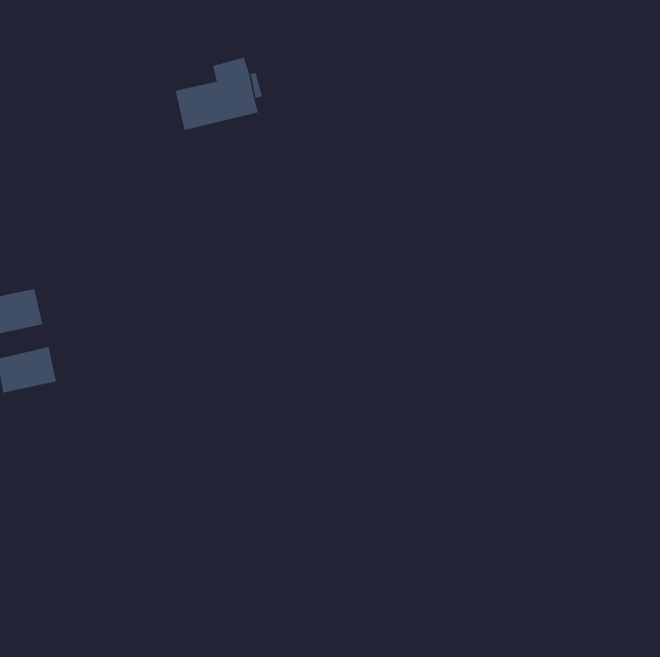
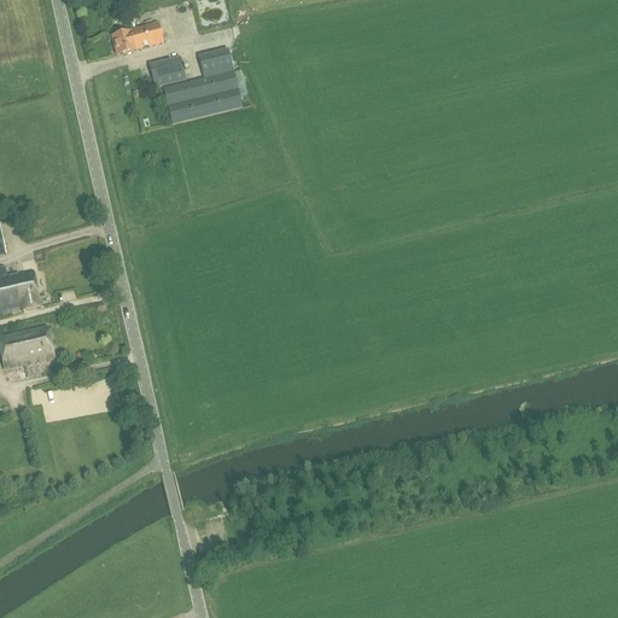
building: none -> [111,21,162,53]
building: none -> [148,56,185,84]

